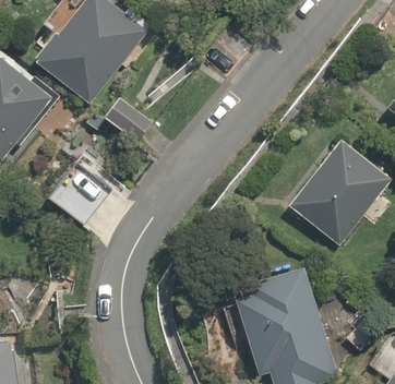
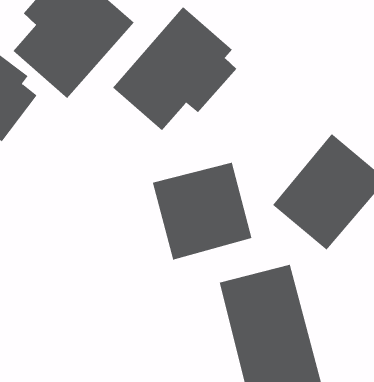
building: none -> [112,6,237,131]
building: none -> [152,162,252,260]

